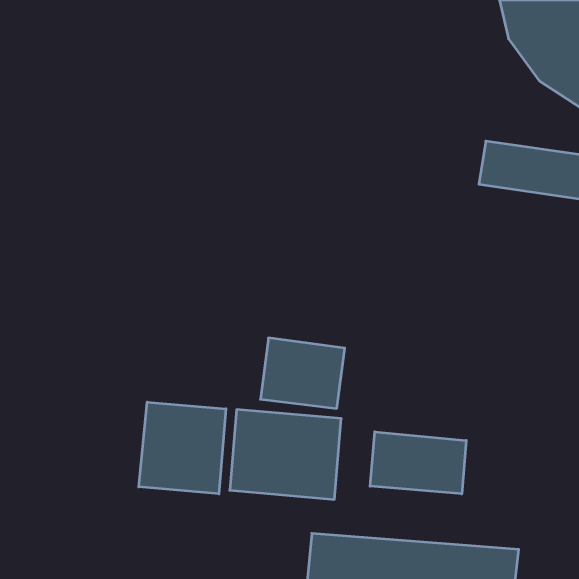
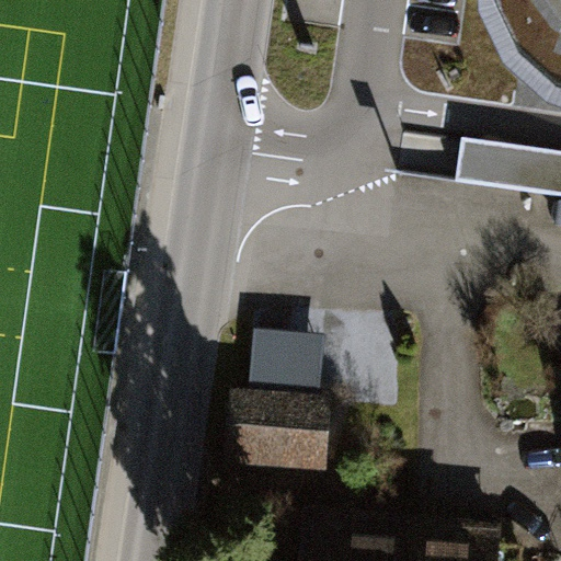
building: [139,402,226,494] -> none
building: [370,432,466,494] -> none

